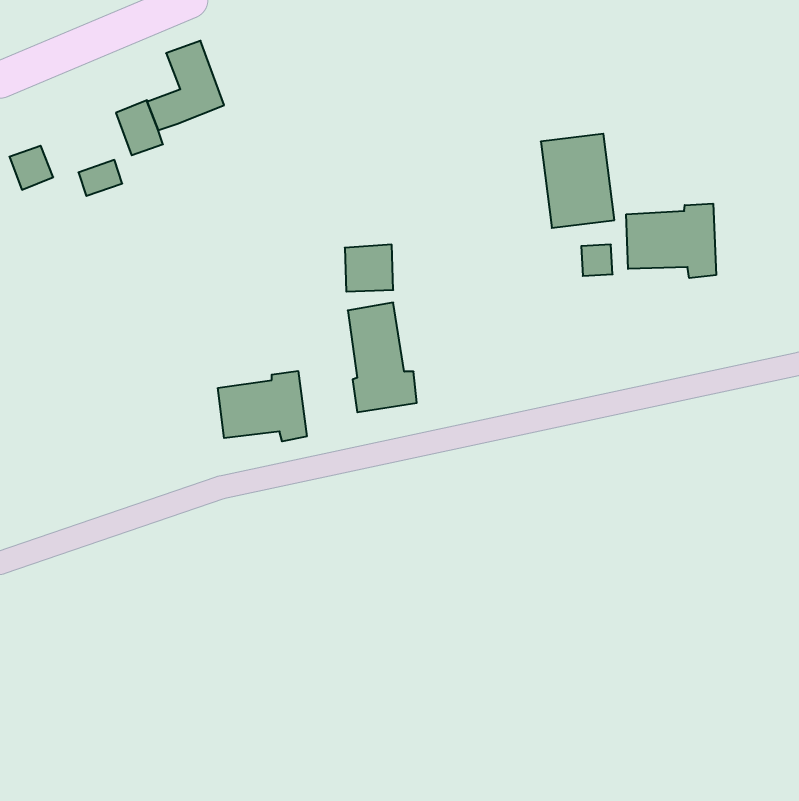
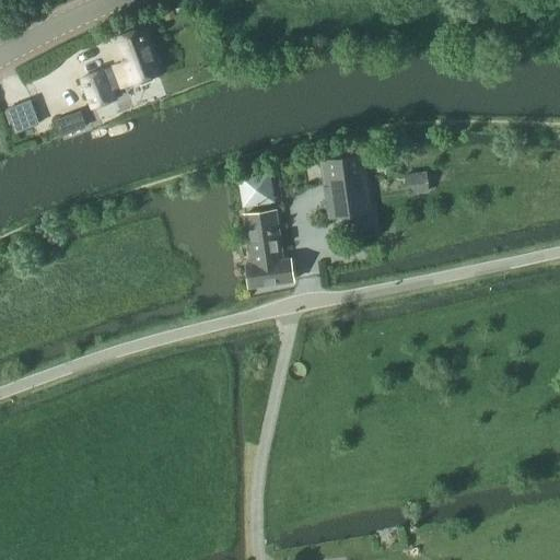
building: [541,134,614,228] -> [320,154,372,220]
building: [626,204,716,278] -> none
building: [218,371,307,441] -> none

